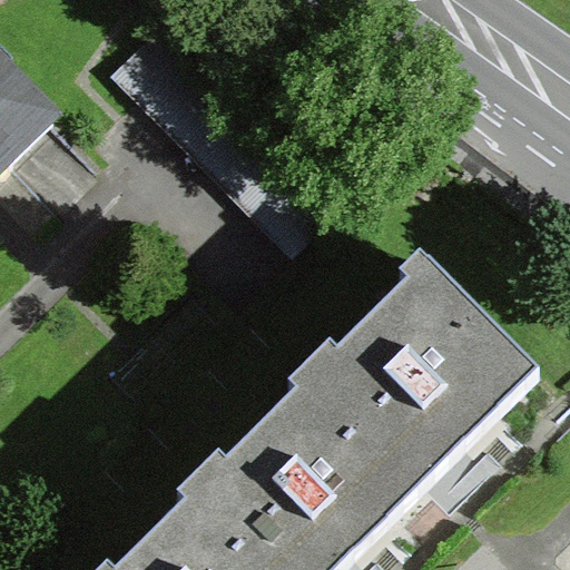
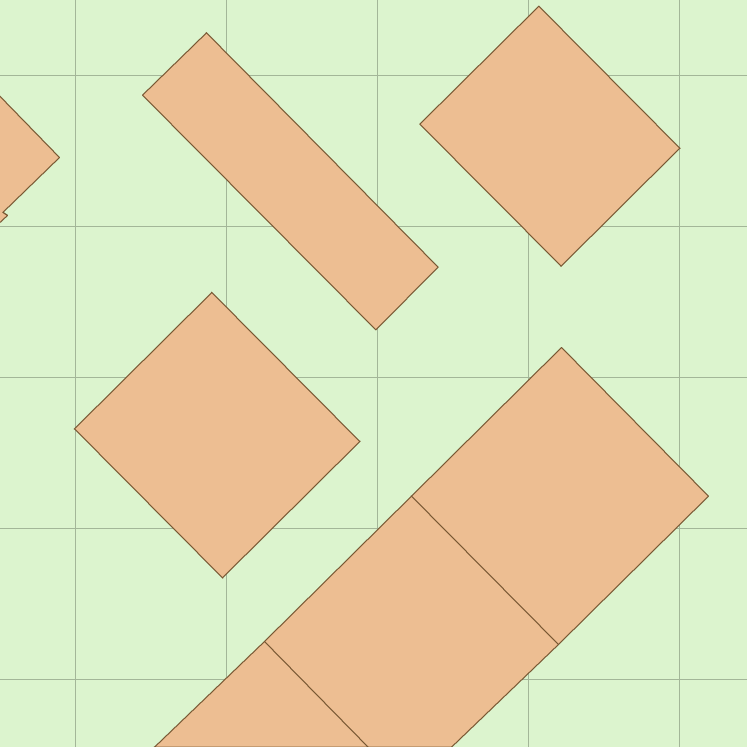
building: none -> [420,6,680,266]
building: none -> [74,292,360,578]

